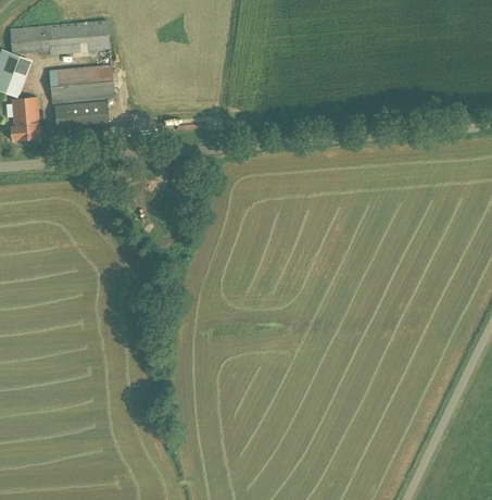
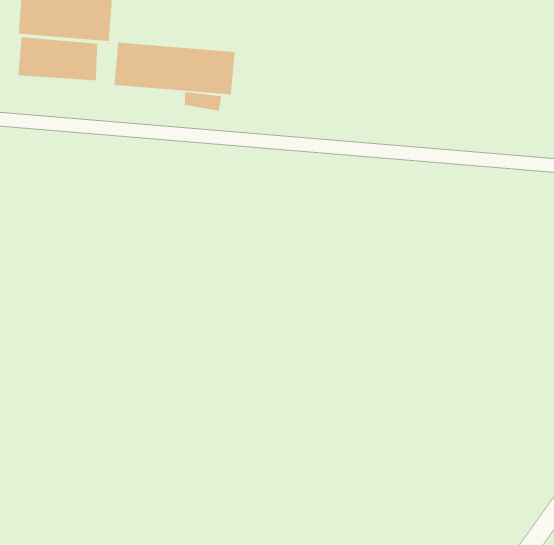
building: none -> [113,42,236,95]

